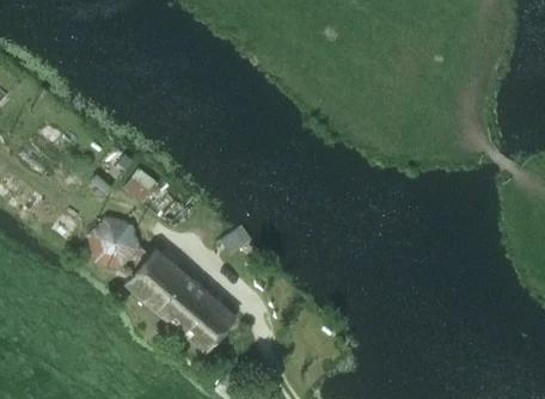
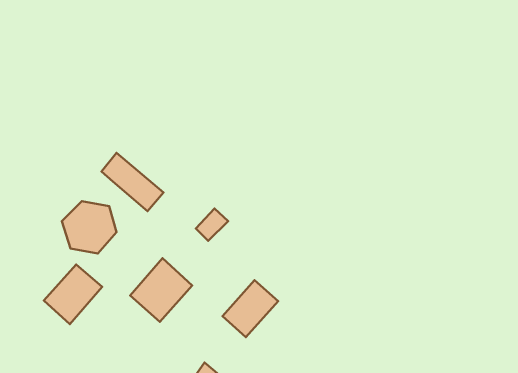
building: [127,250,183,307] -> [44,265,102,324]
building: [180,297,234,352] -> [222,280,278,337]

